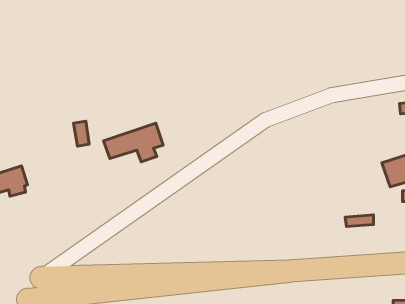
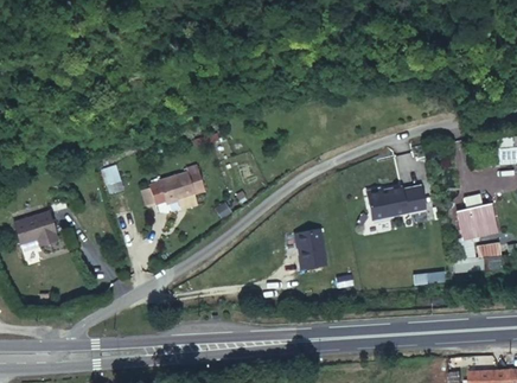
building: none -> [363,184,422,218]
building: none -> [292,229,324,269]

